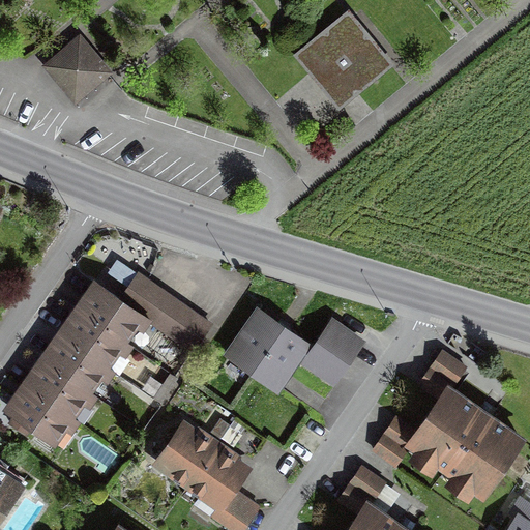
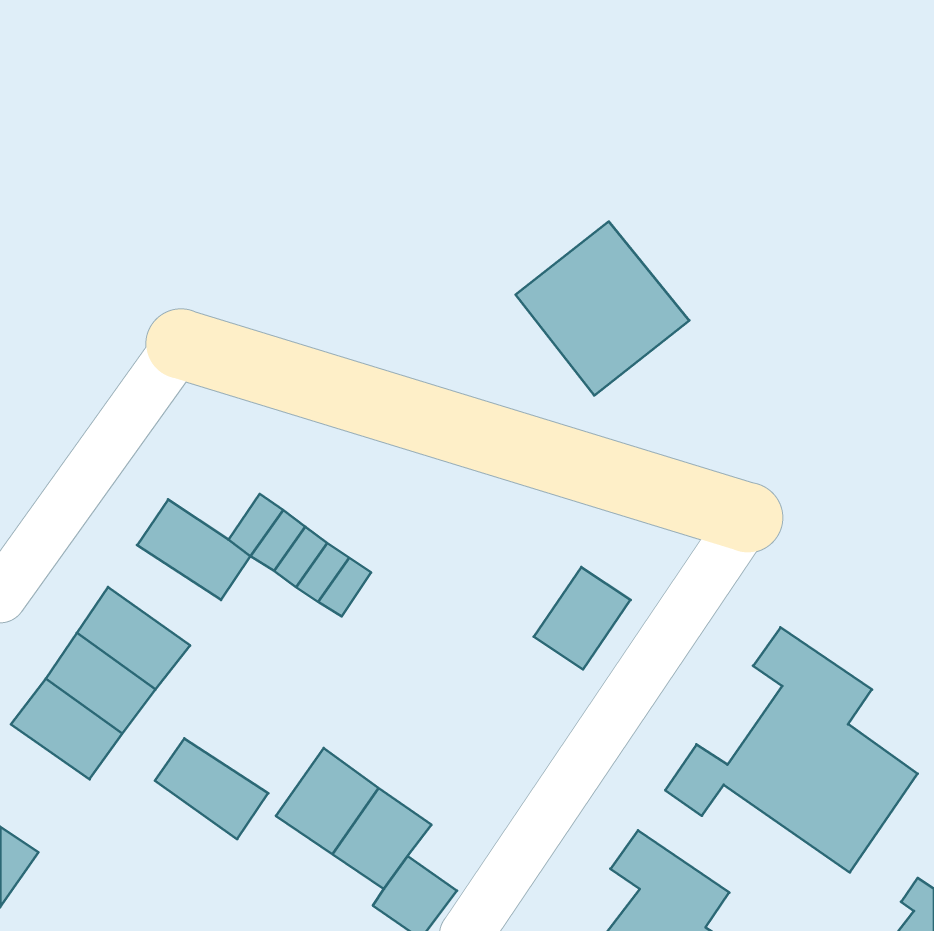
building: [294,9,392,108] -> [516,222,689,395]
building: [49,40,106,98] -> none
building: [61,311,125,367] -> [155,738,268,839]
building: [229,311,302,383] -> none

